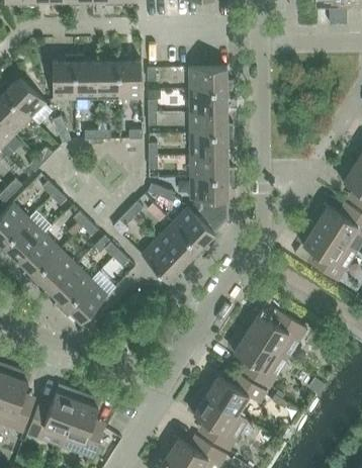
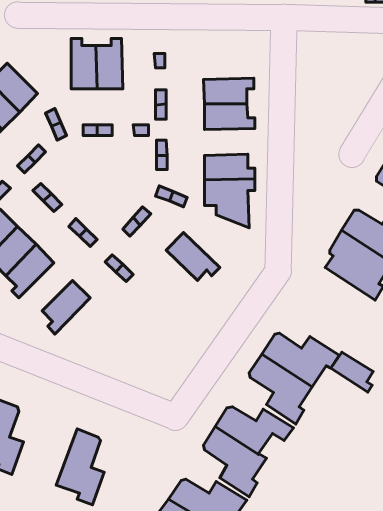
building: [53,55,75,99] -> none
building: [118,55,142,98] -> none
building: [189,67,233,90] -> none
building: [190,132,234,155] -> none
building: [172,206,229,253] -> none
building: [141,238,184,284] -> none
building: [29,249,76,290] -> none
building: [61,279,107,321] -> none
building: none -> [331,352,373,392]
building: [27,385,80,441] -> none

